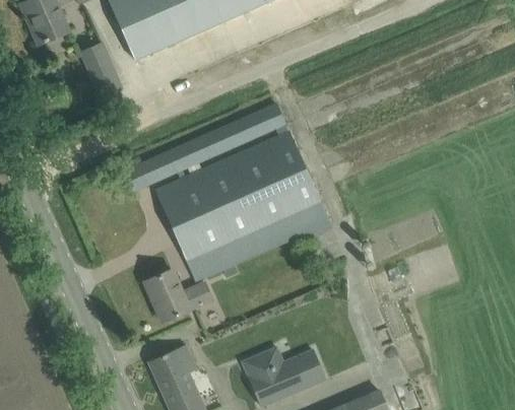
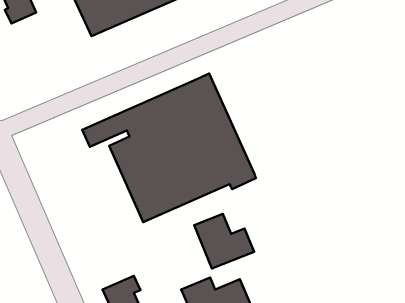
building: [79,41,123,107] -> none
building: [144,269,211,322] -> none
building: none -> [194,214,254,269]

